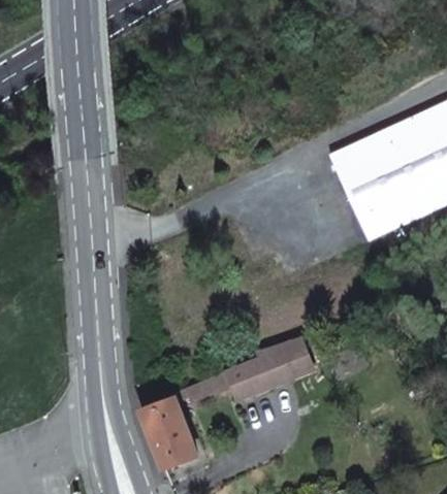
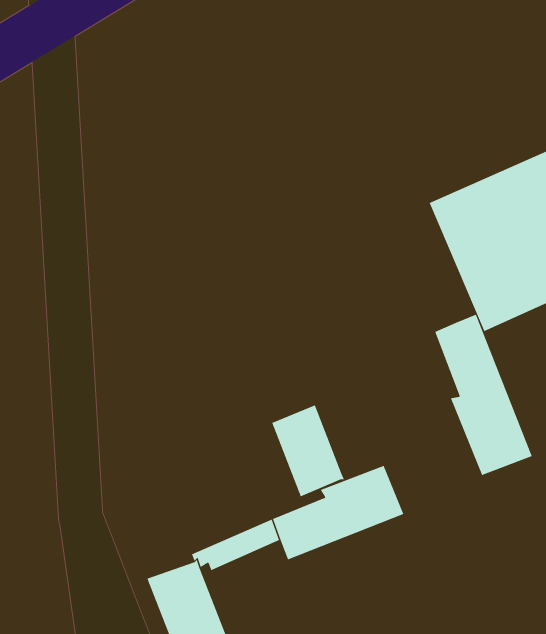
building: none -> [435,314,533,476]
building: none -> [272,404,345,497]

